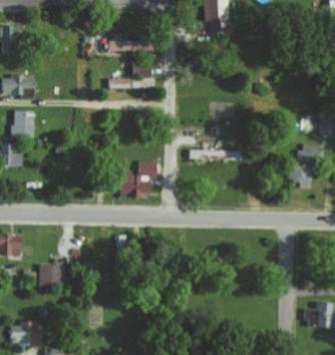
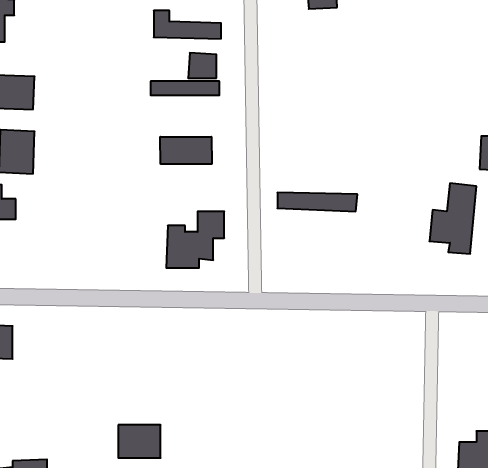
building: none -> [160,137,212,164]
building: [38,265,65,286] -> [118,425,161,458]

